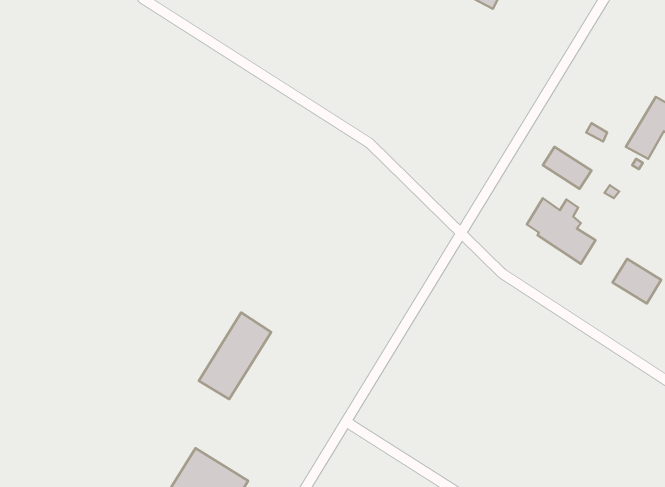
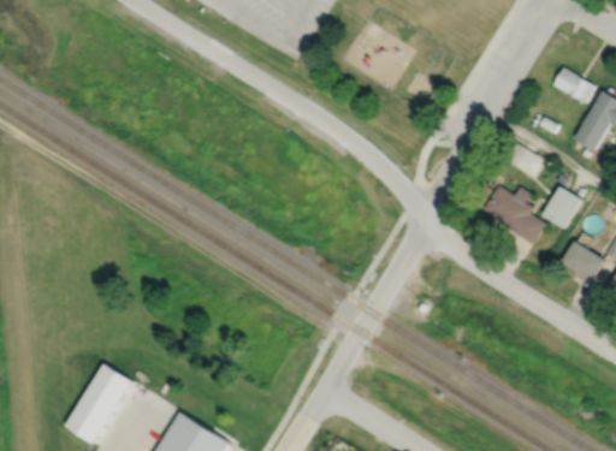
building: none -> [552,70,594,106]
building: none -> [543,186,581,227]
building: [199,312,271,399] -> [65,364,131,444]

